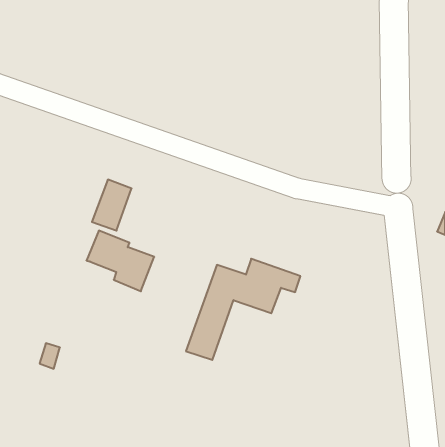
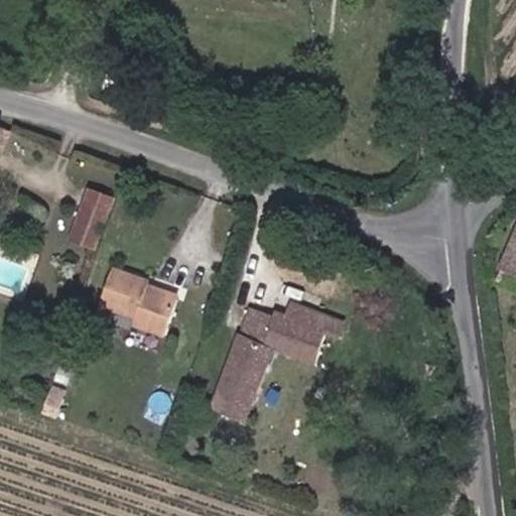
building: [92,180,132,231] -> [68,189,113,248]

